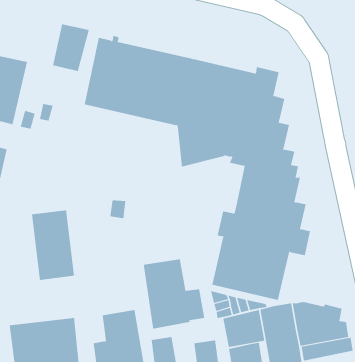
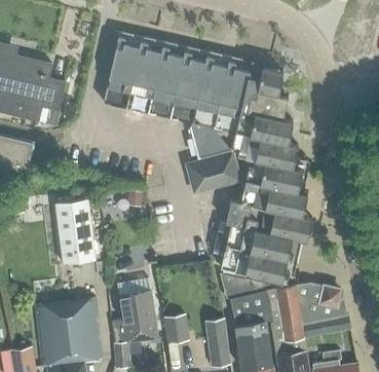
building: [52,24,90,72] -> none
building: none -> [185,150,242,195]
building: [143,259,205,329] -> none

